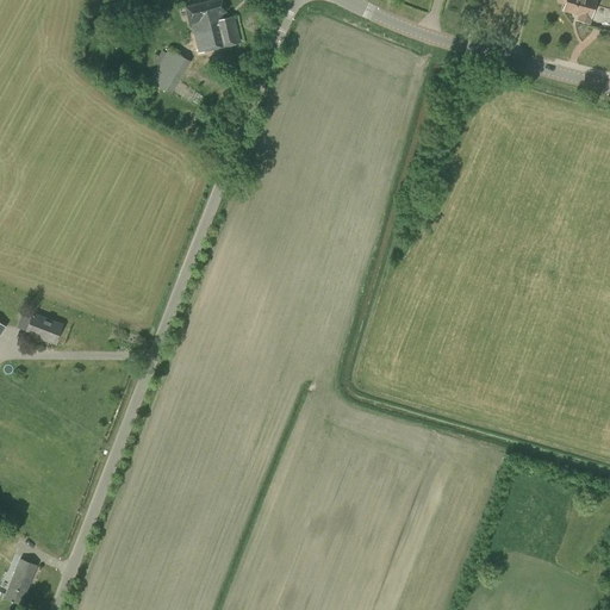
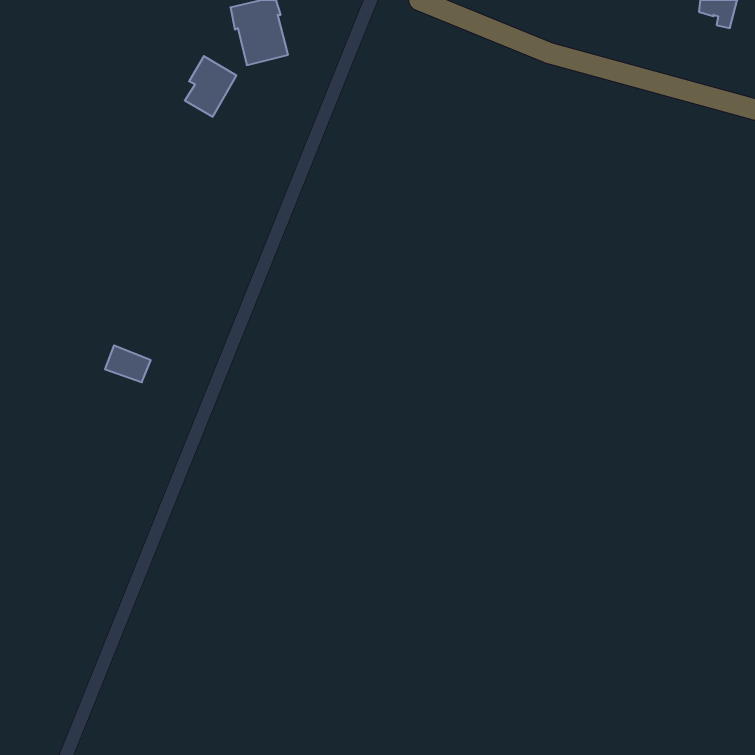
building: [25,313,62,343] -> [105,345,151,382]
building: [5,559,37,604] -> none

